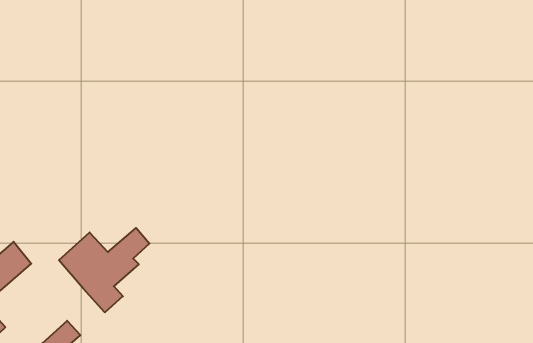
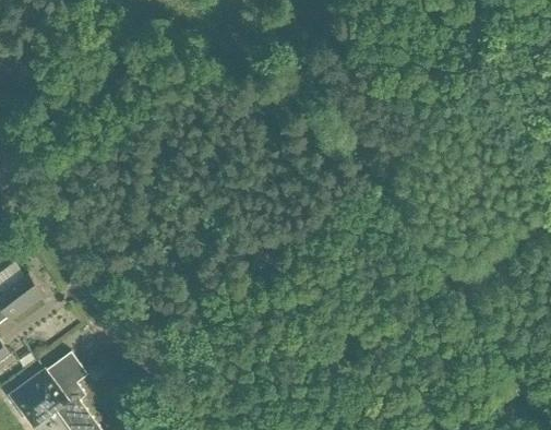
building: [59,228,150,312] -> none

